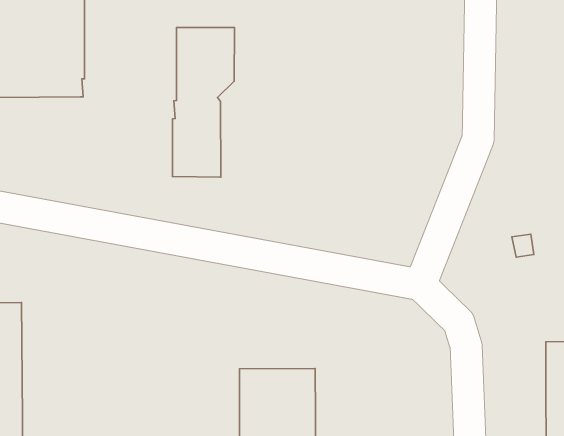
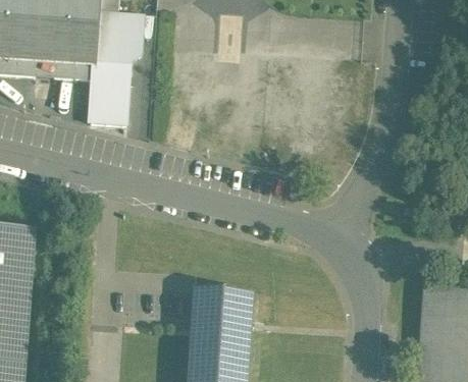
building: [172,27,234,177] -> [89,10,143,123]

